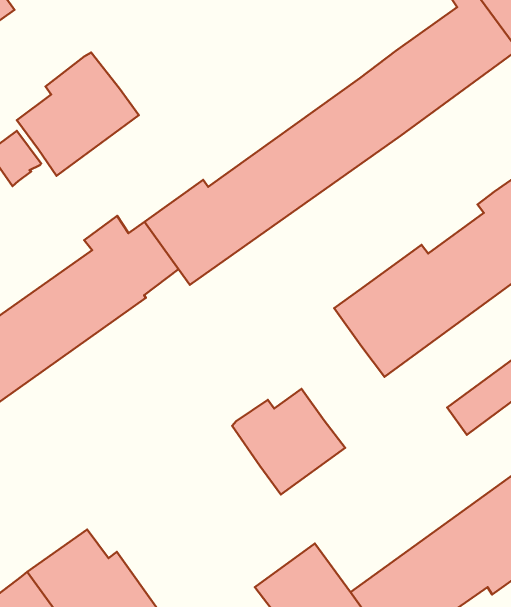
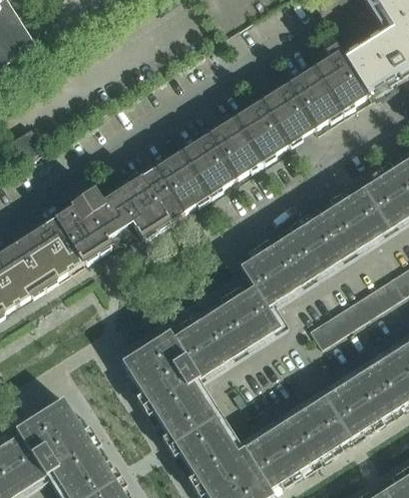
building: [17,53,139,176] -> none
building: none -> [213,259,281,353]
building: none -> [121,334,216,443]

